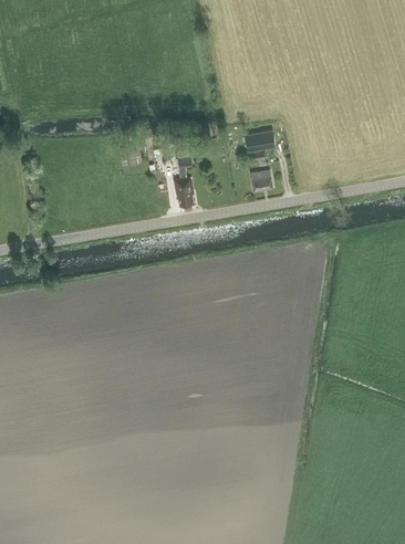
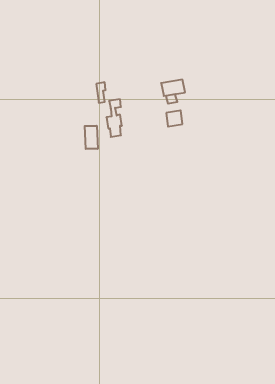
building: none -> [85,126,98,149]

